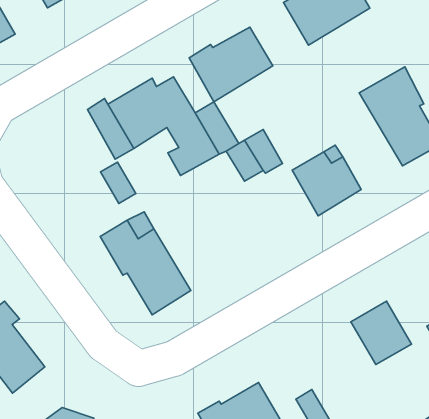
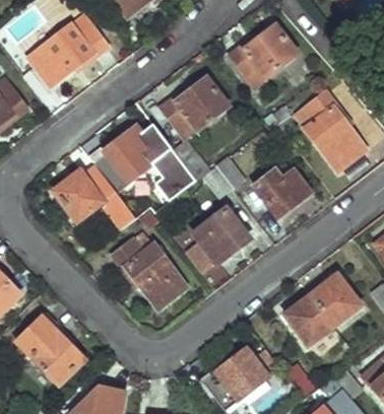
building: none -> [53,168,102,220]
building: none -> [198,206,249,263]
building: none -> [284,294,335,345]

